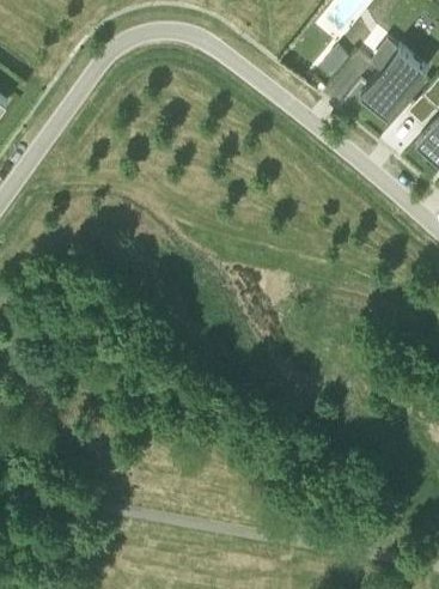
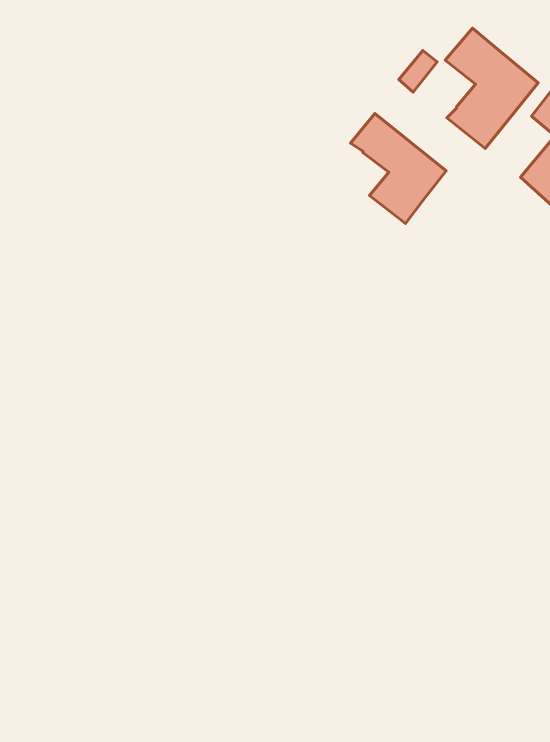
building: none -> [351,114,446,223]

